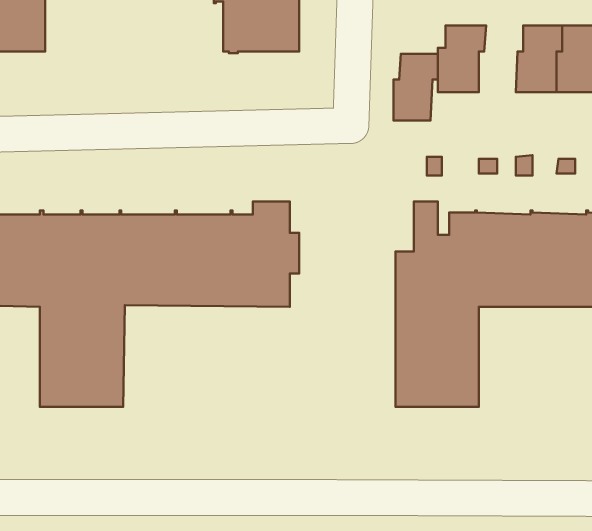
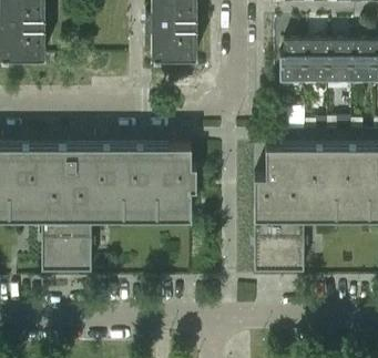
building: [394,54,438,120] -> [304,41,330,81]

